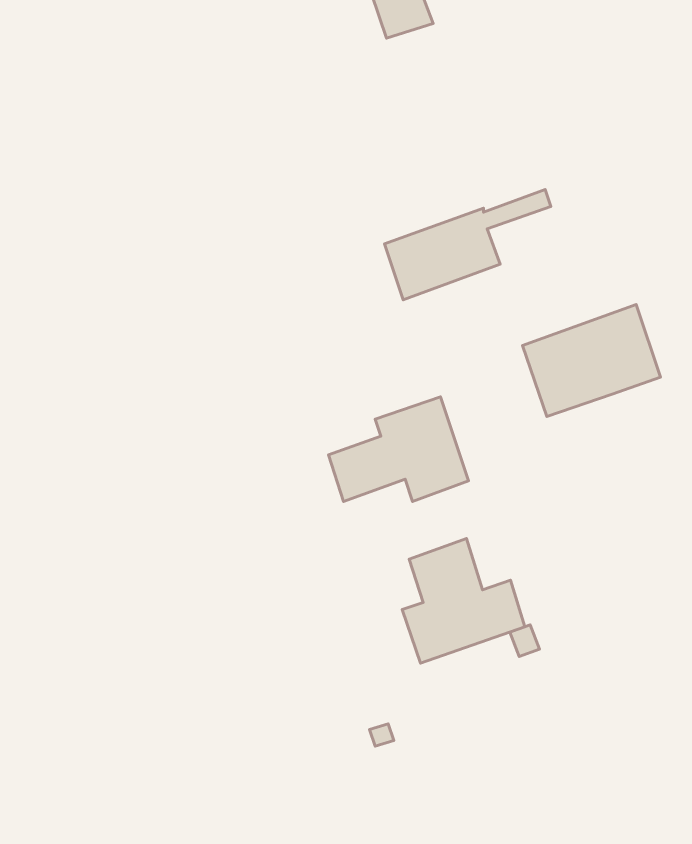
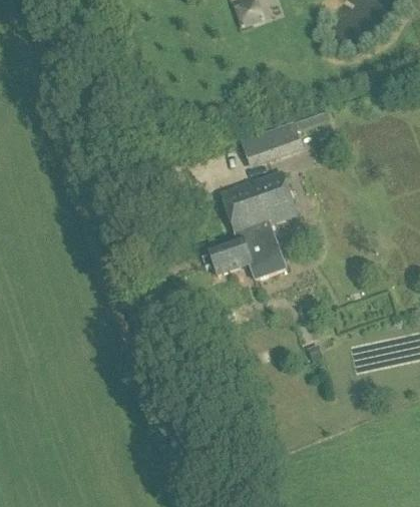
building: [522,304,661,417] -> [222,171,296,231]
building: [402,539,525,663] -> none

